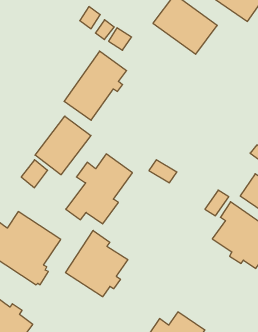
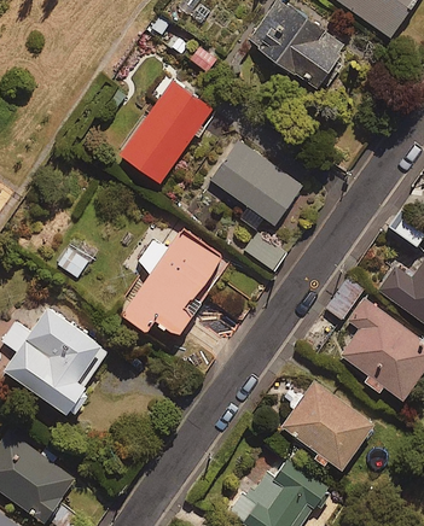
building: none -> [209,127,314,230]
building: [35,116,91,175] -> none
building: [66,230,128,297] -> none
building: none -> [283,382,372,468]

